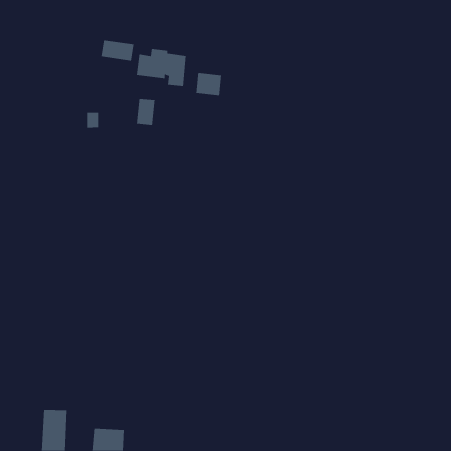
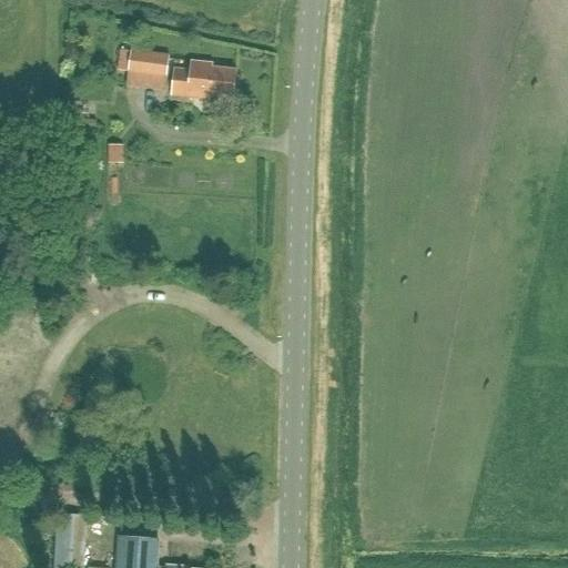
building: [196,72,221,96] -> none
building: [136,98,155,126] -> none

